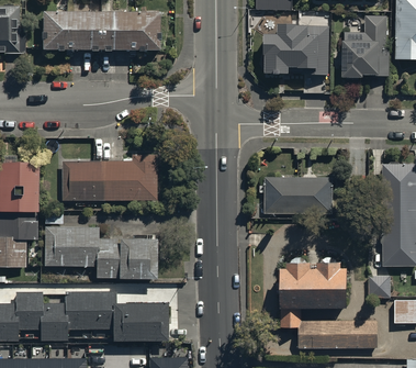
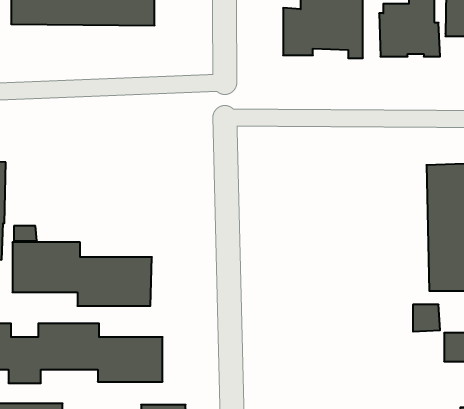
building: [61,155,157,201] -> none
building: [260,177,333,214] -> none
building: [281,259,376,348] -> none

